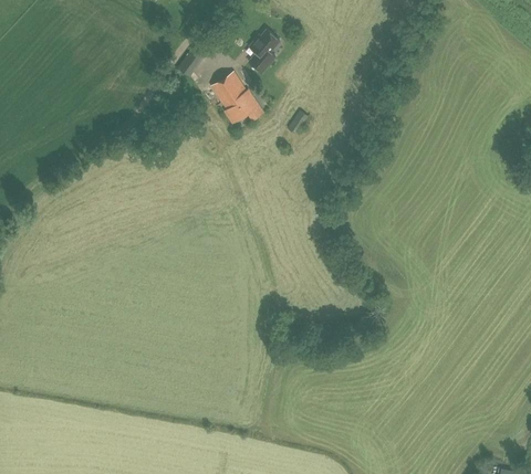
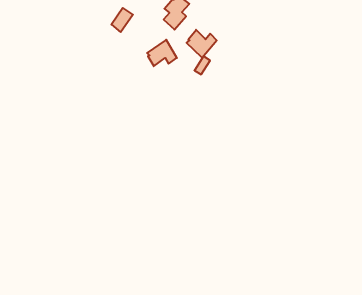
building: [211,72,249,106] -> none
building: none -> [187,30,217,58]

